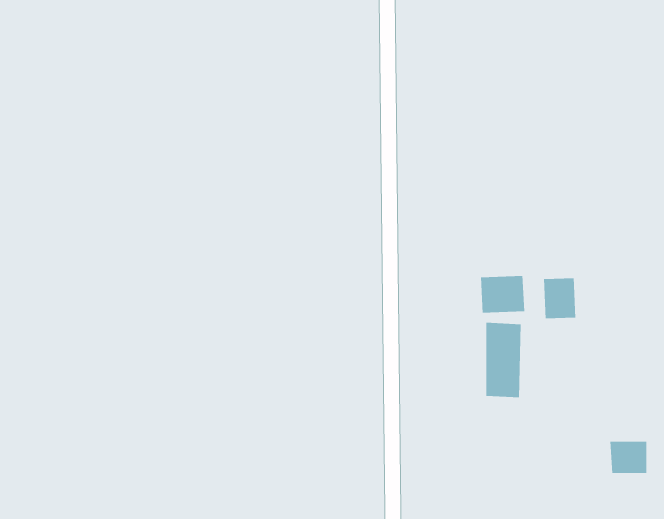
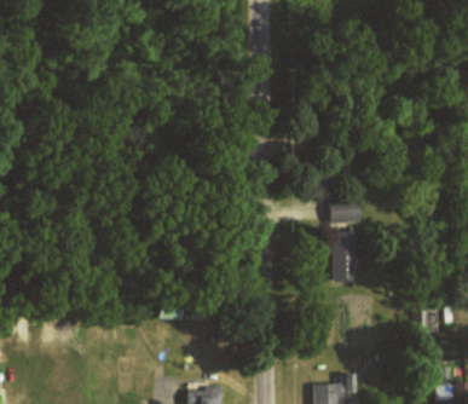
building: [543,277,576,319] -> none

